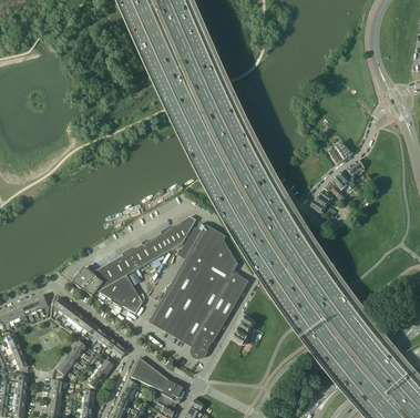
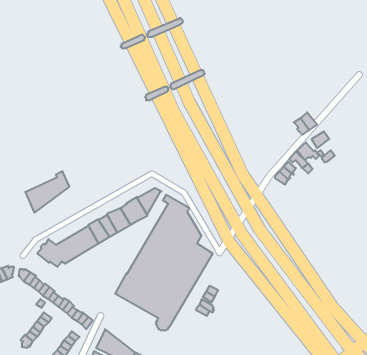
building: none -> [25,171,69,213]
building: [100,275,142,313] -> none

